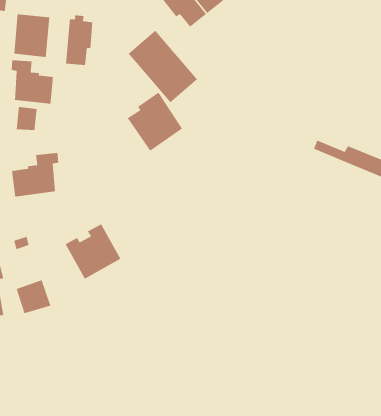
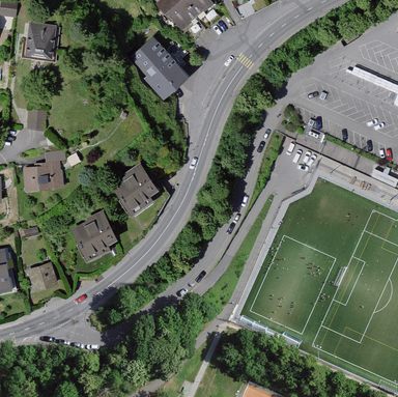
building: [65,14,93,66] -> none
building: [11,59,54,105] -> none
building: [127,92,183,152] -> [110,163,161,217]

